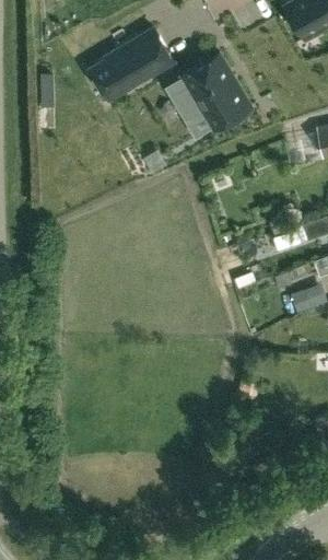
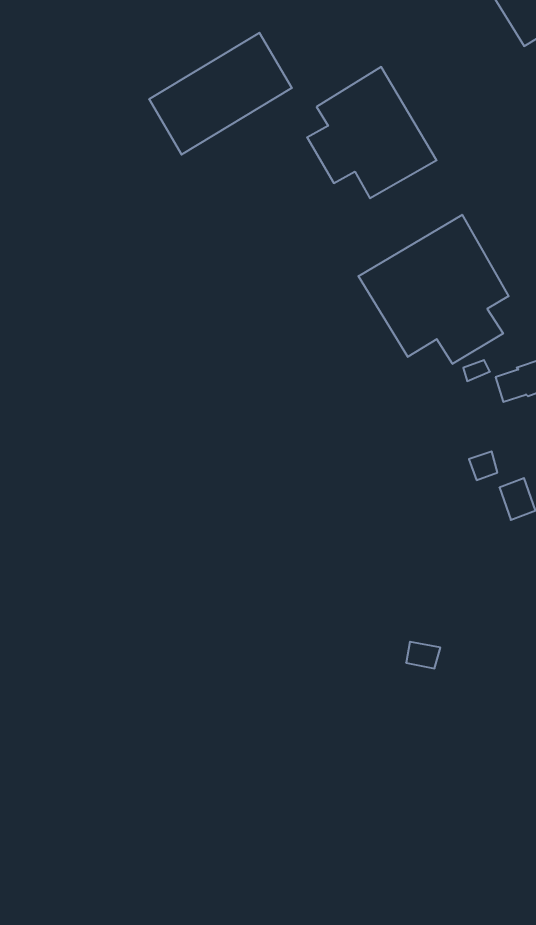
building: none -> [358,215,509,364]

